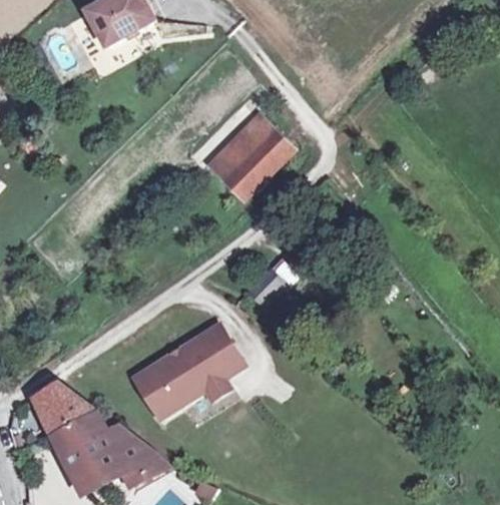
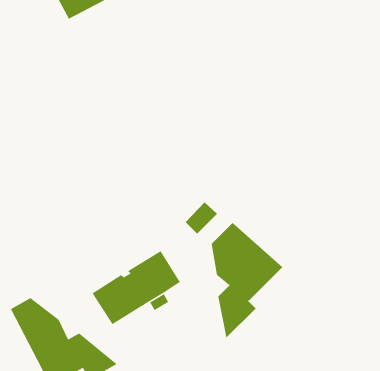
building: [211,119,289,196] -> none
building: none -> [211,222,283,339]

